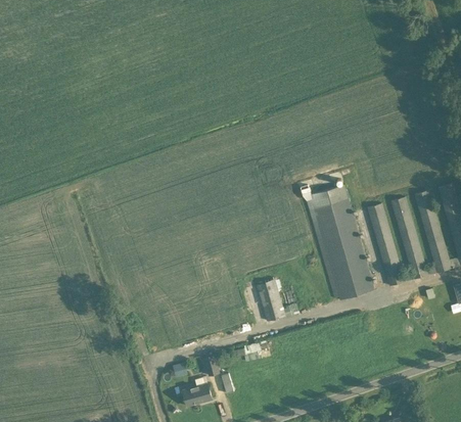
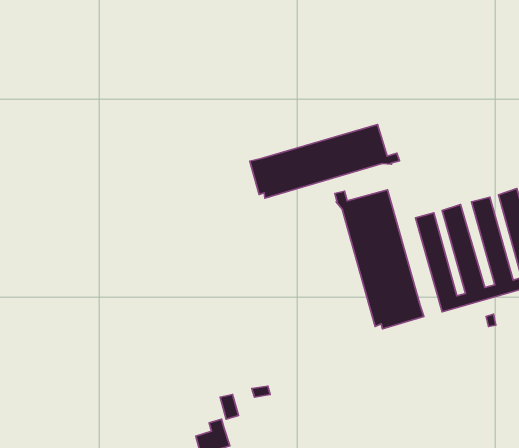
building: none -> [250,125,399,198]
building: [258,279,286,321] -> none

